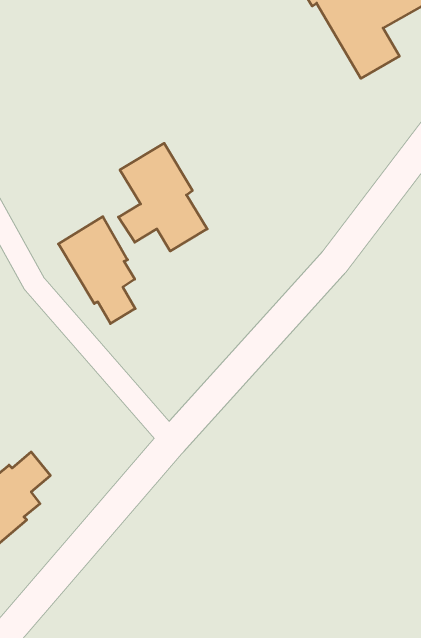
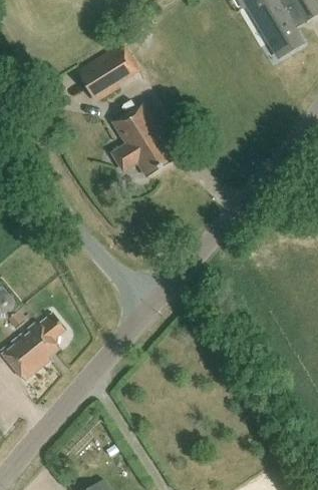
building: none -> [80,44,137,99]
building: [58,217,135,324] -> none

